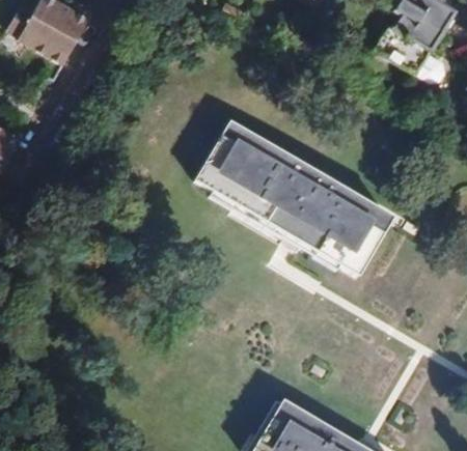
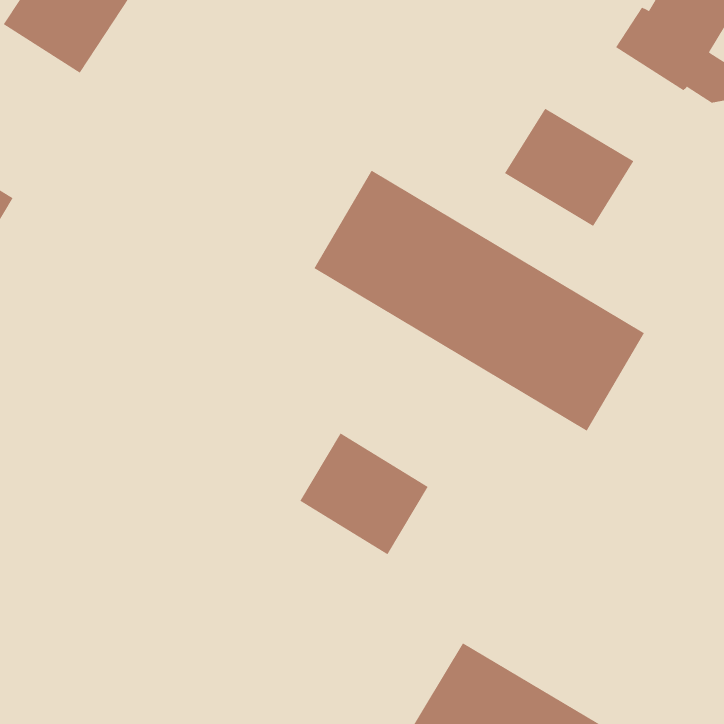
building: none -> [504,108,634,227]
building: none -> [300,433,428,555]

